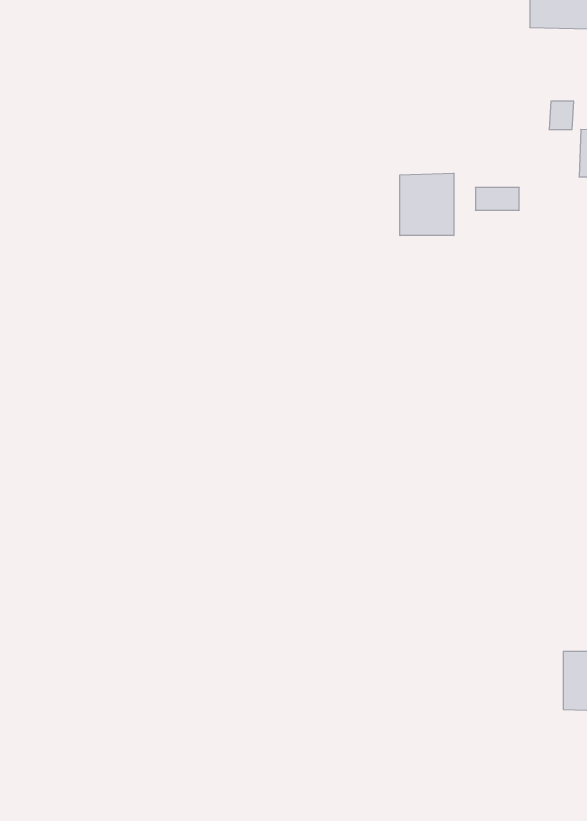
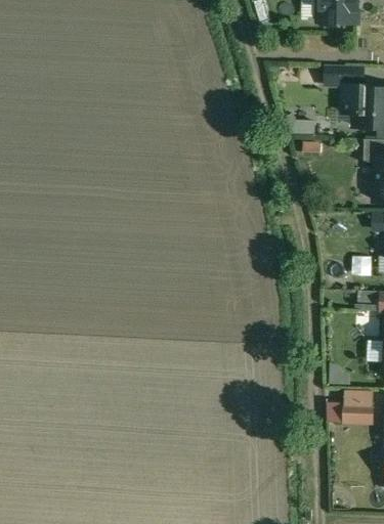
building: [400,173,454,236] -> none

